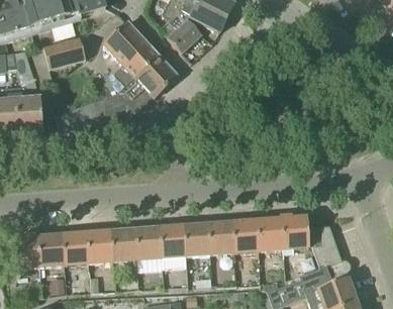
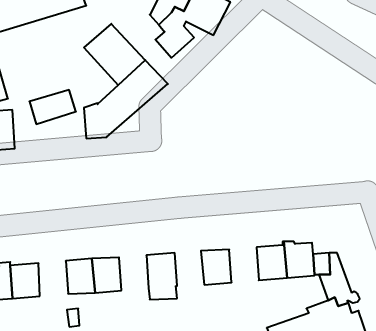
building: [44,37,86,68] -> [29,90,76,124]
building: [233,220,260,251] -> none
building: [185,223,211,254] -> none
building: [135,227,162,259] -> none
building: [64,232,90,264] -> none

